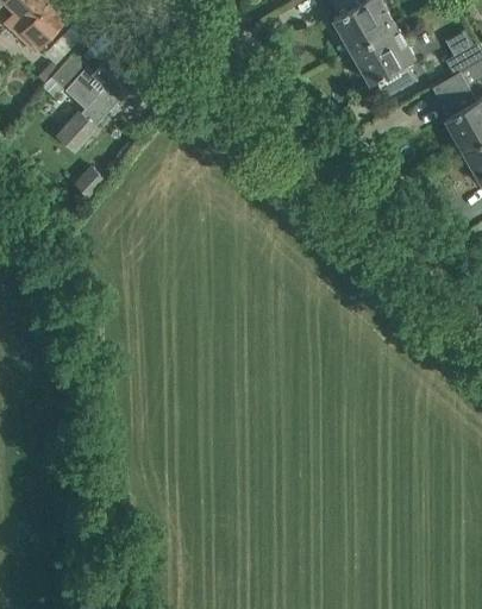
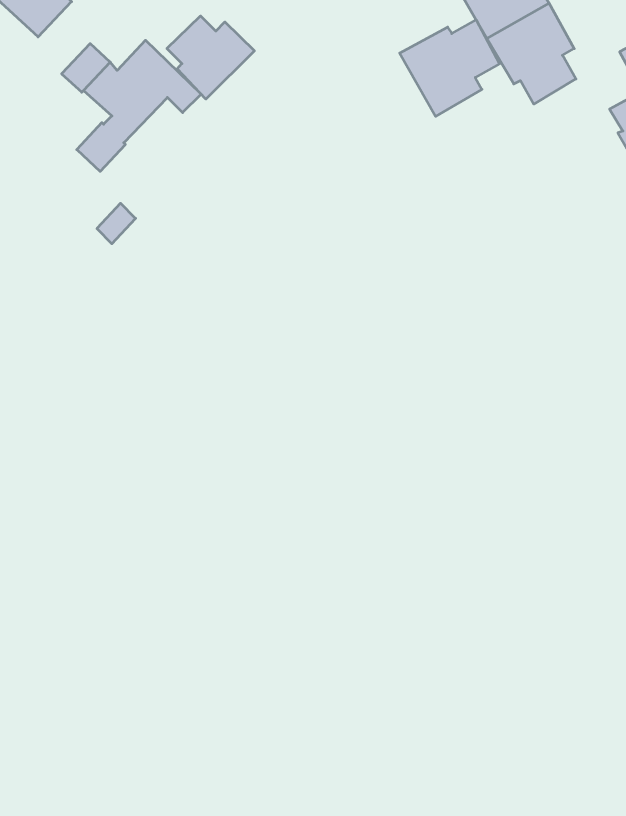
building: none -> [167,16,254,99]
building: none -> [400,20,500,116]

